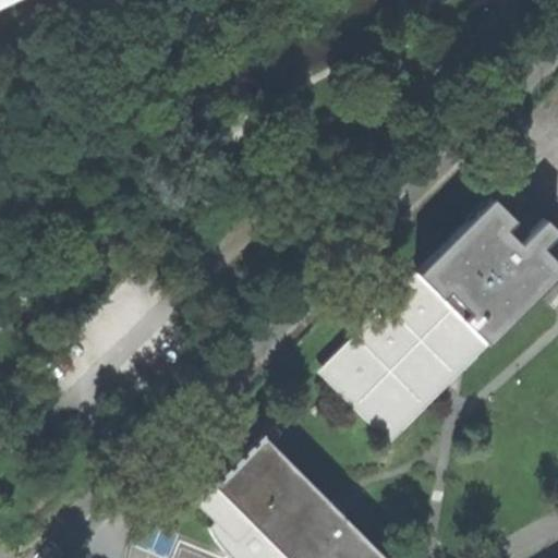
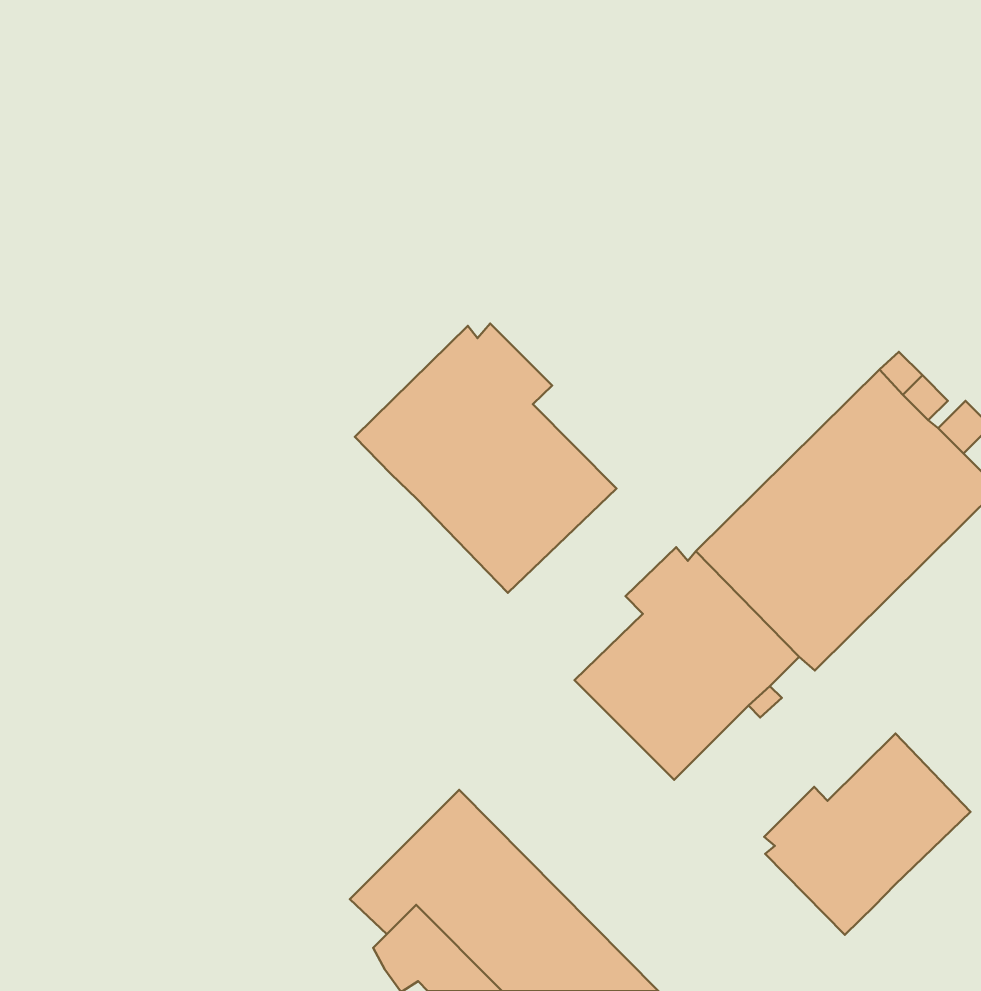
building: none -> [355,324,616,593]
building: none -> [764,734,970,935]

